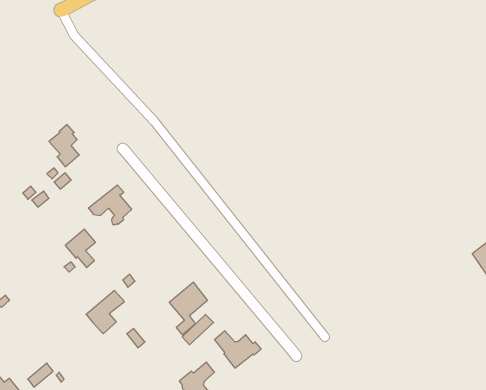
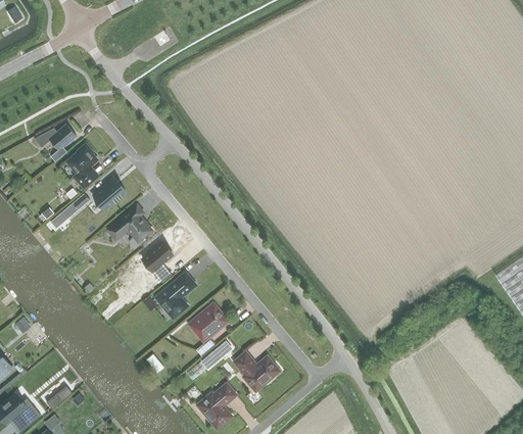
building: none -> [35,124,77,161]
building: none -> [93,178,126,209]
building: [65,229,95,268] -> [142,242,173,281]
building: [86,290,124,334] -> [156,274,195,318]

